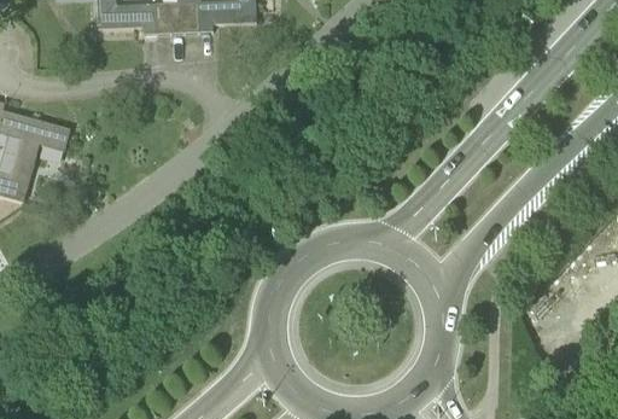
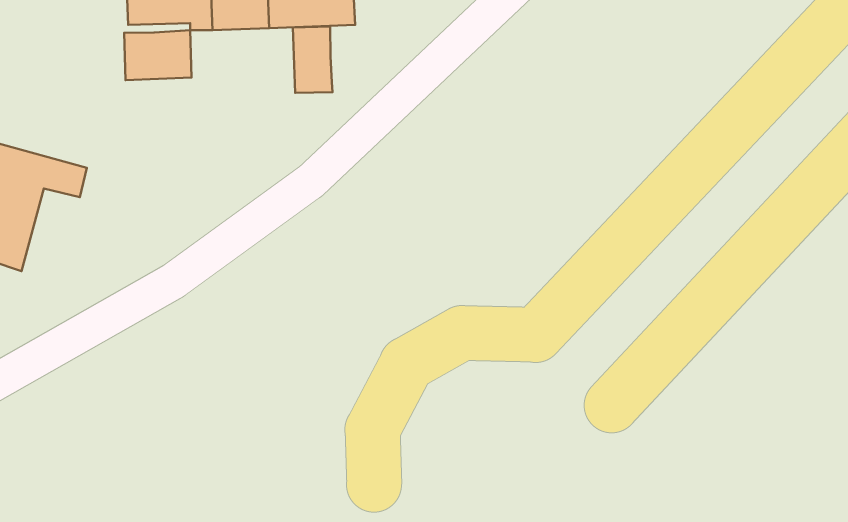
building: none -> [293,27,332,93]
building: none -> [124,30,191,80]

